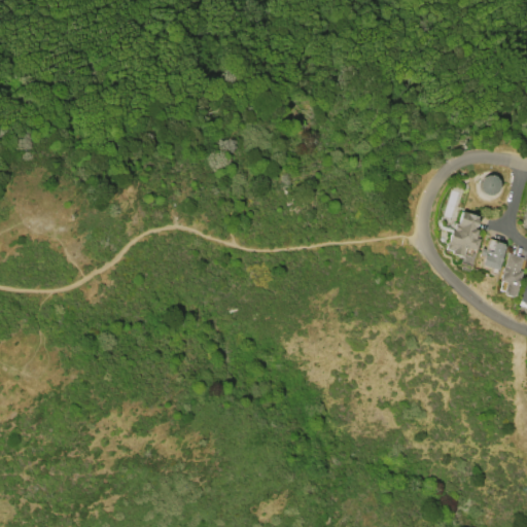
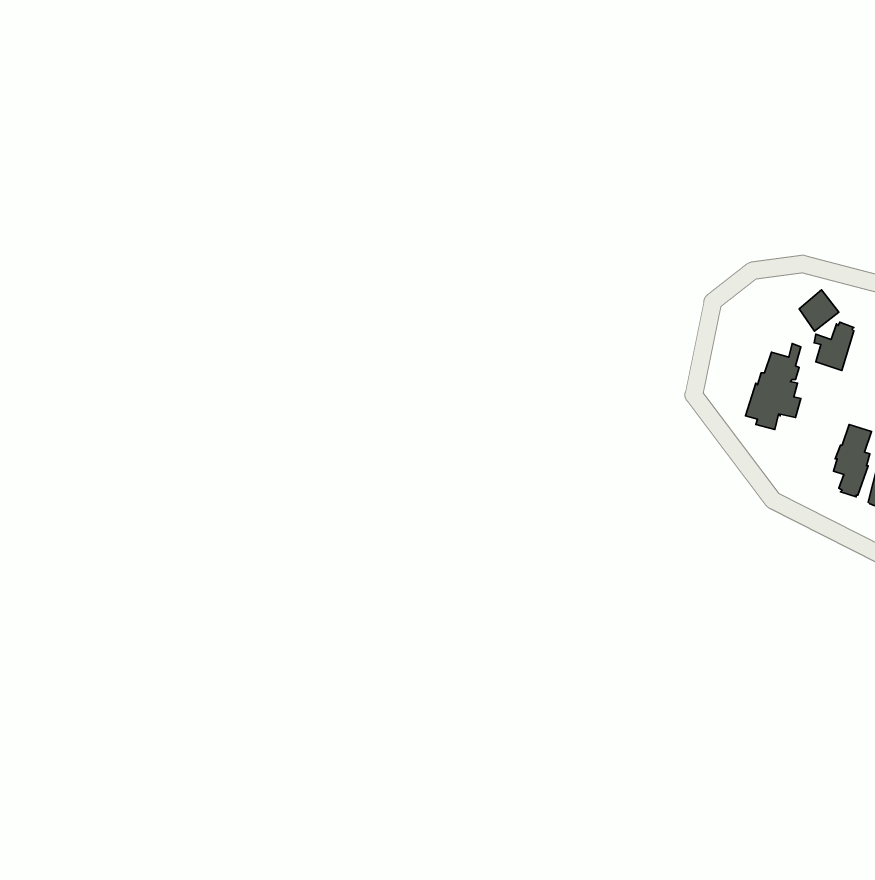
building: [483,242,506,271] -> [814,322,854,371]

